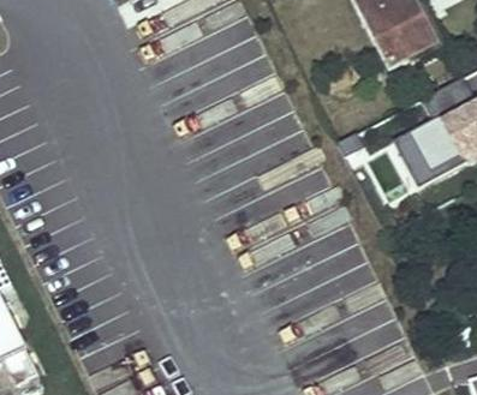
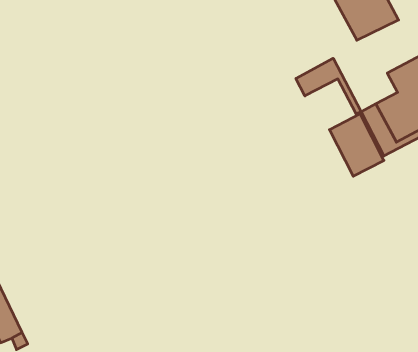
building: none -> [296,58,361,114]

